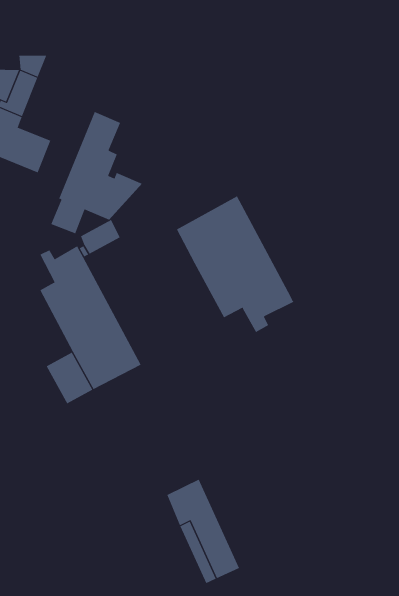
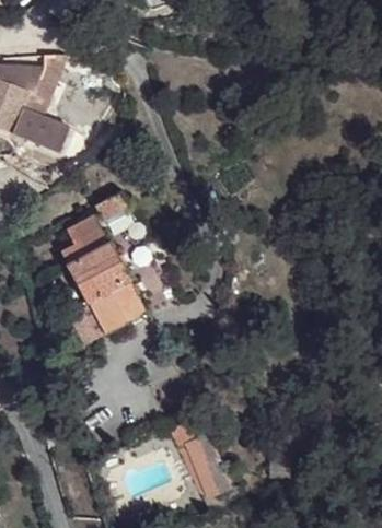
building: [51,111,143,234] -> none
building: [176,195,294,333] -> none

